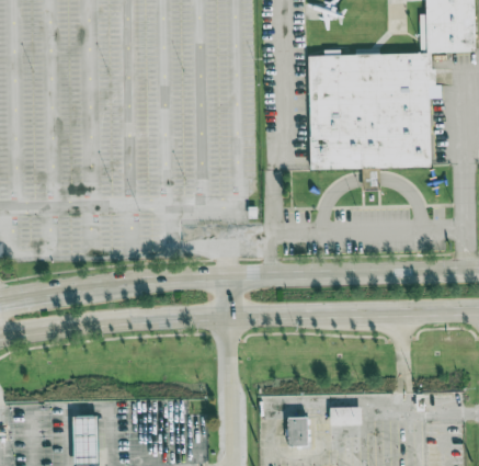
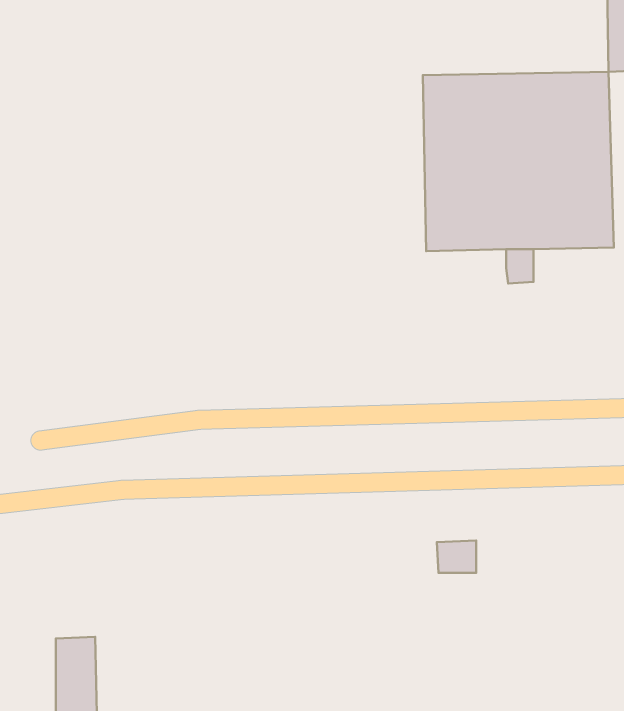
building: [339,408,364,429] -> [437,540,476,573]
building: [290,419,315,446] -> none

